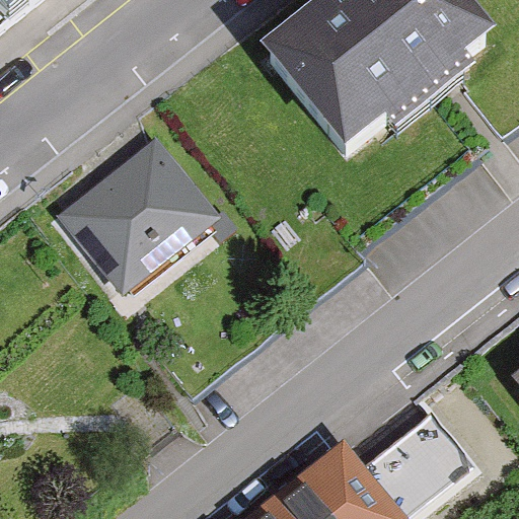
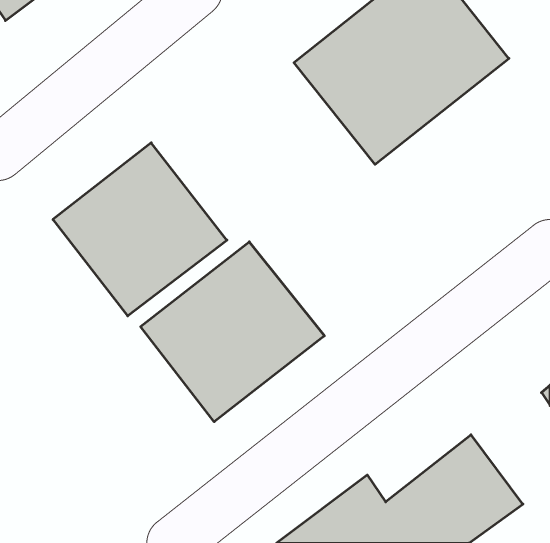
building: none -> [141,242,324,422]

